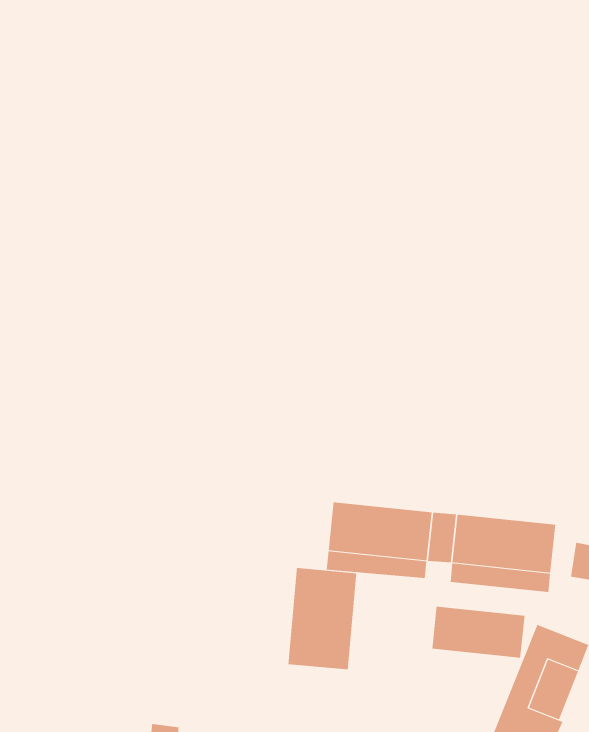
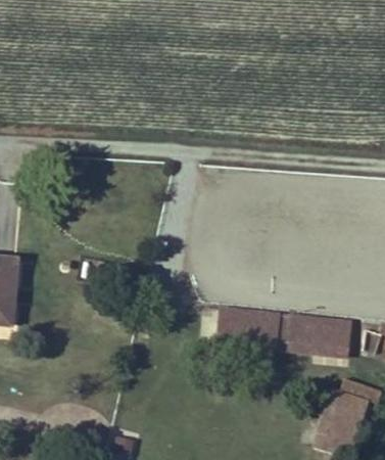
building: [288,567,357,670] -> none
building: [432,606,525,659] -> none

